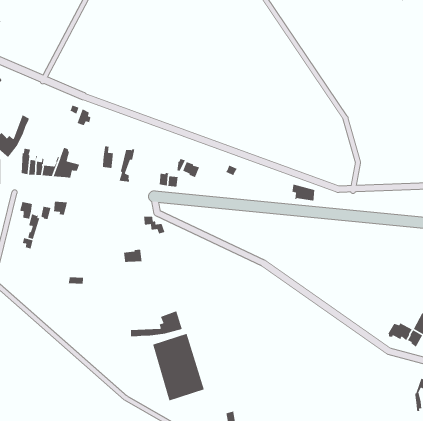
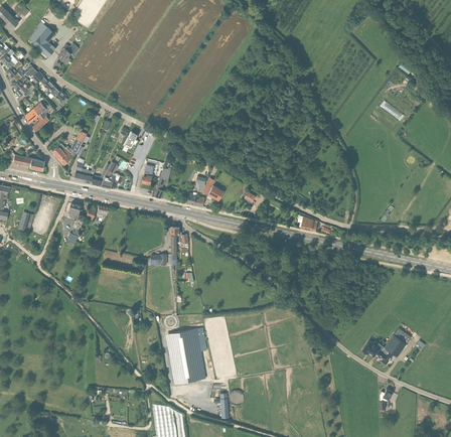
building: [130,310,183,337] -> none

